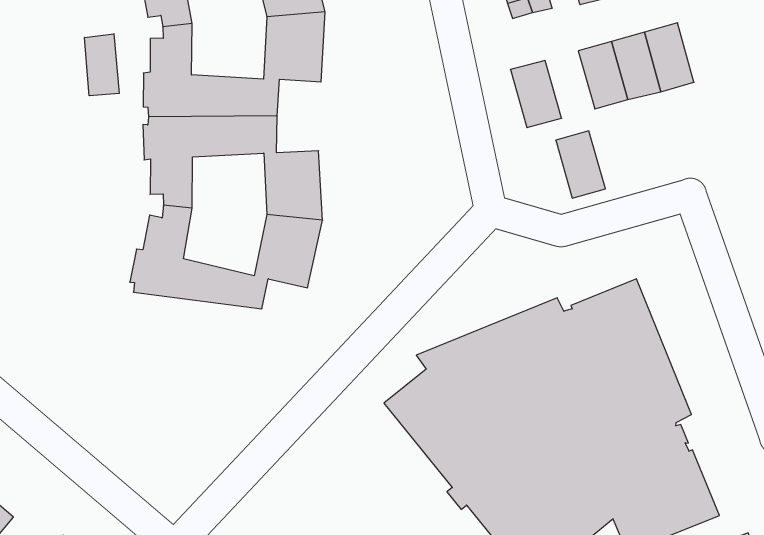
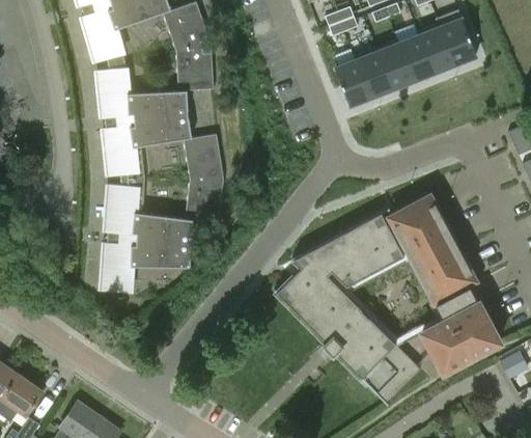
building: none -> [440,19,476,64]
building: [85,34,119,96] -> none
building: [556,131,605,198] -> [357,52,392,97]
building: none -> [102,238,191,298]

